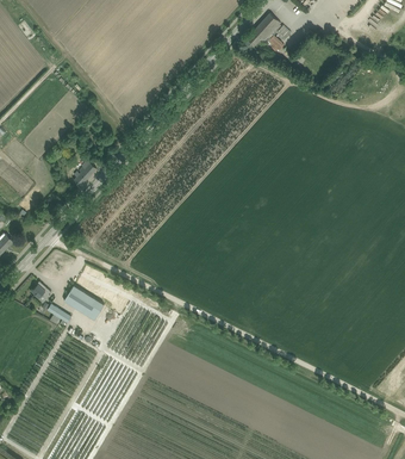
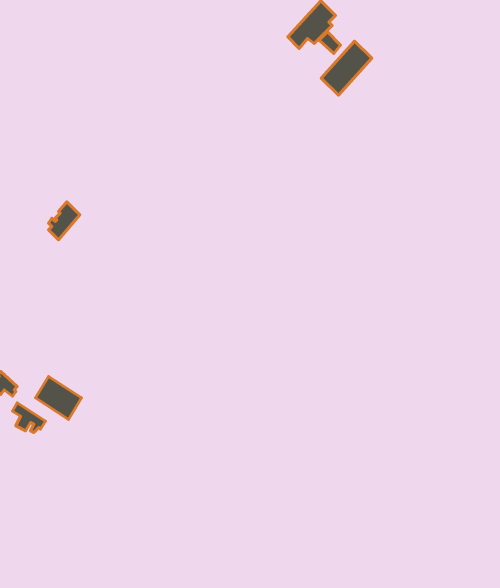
building: none -> [321,41,372,95]

